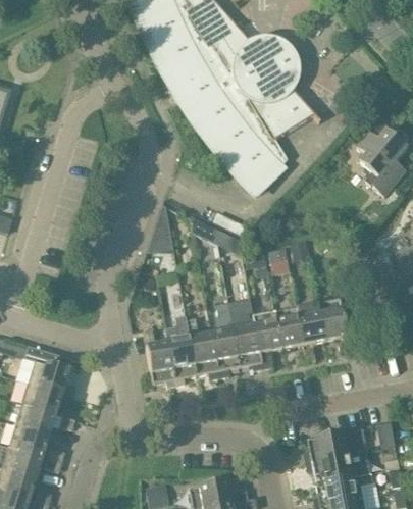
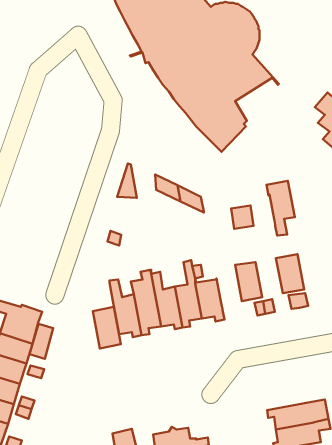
building: [295,304,323,345] -> none
building: [251,311,280,368] -> [267,181,295,236]
building: none -> [93,307,121,348]
building: none -> [29,324,53,359]
building: [305,429,365,463] -> none

